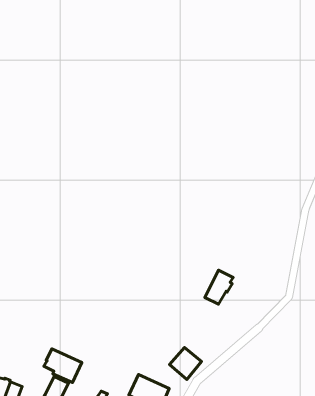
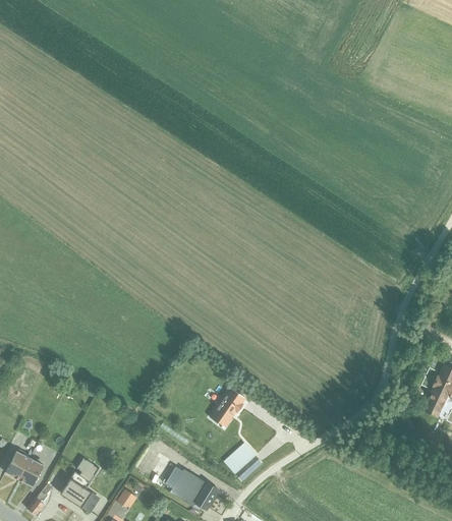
building: [205,270,233,304] -> [209,386,245,426]
building: [44,349,82,383] -> none

